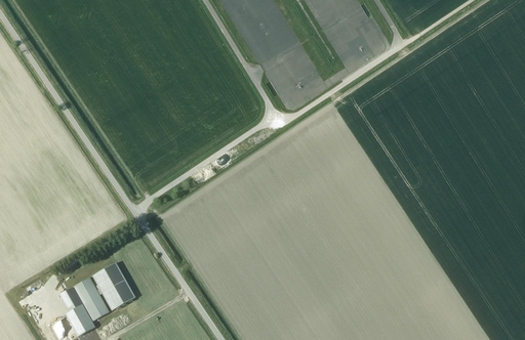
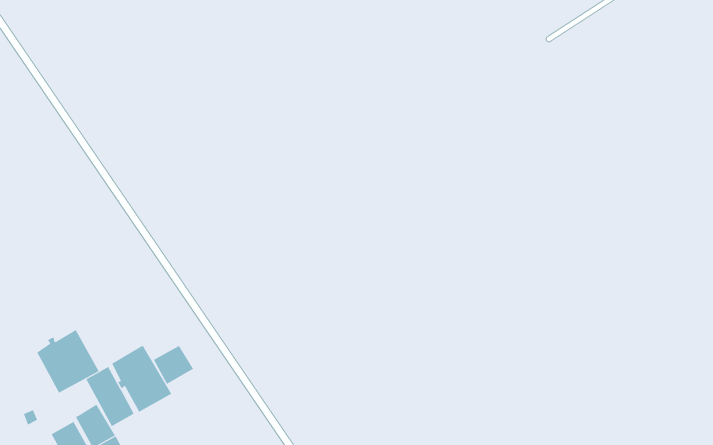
building: none -> [36,329,99,393]
building: none -> [153,345,194,385]

